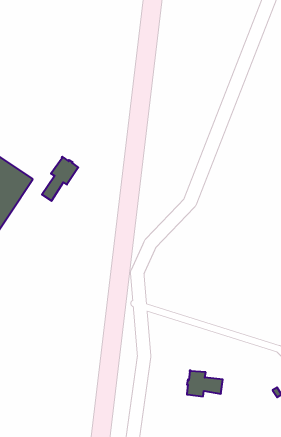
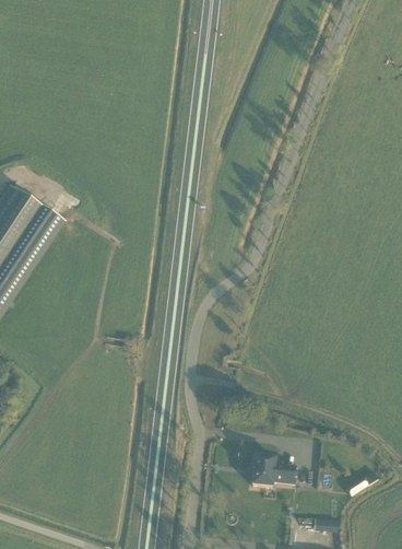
building: [42,157,78,201] -> none

